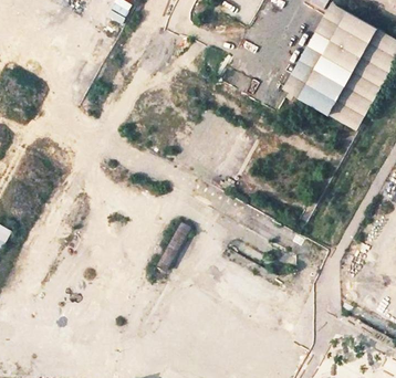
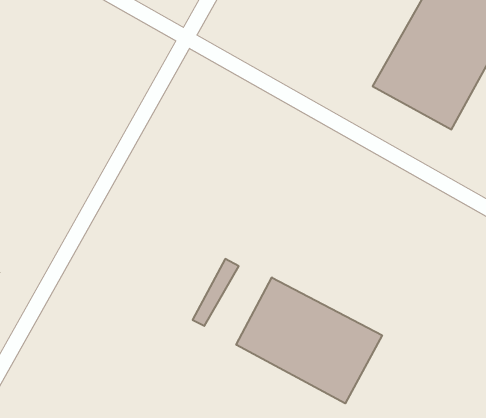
building: none -> [236,277,382,403]

